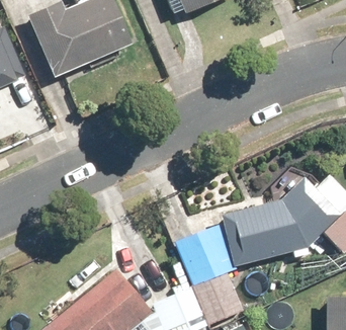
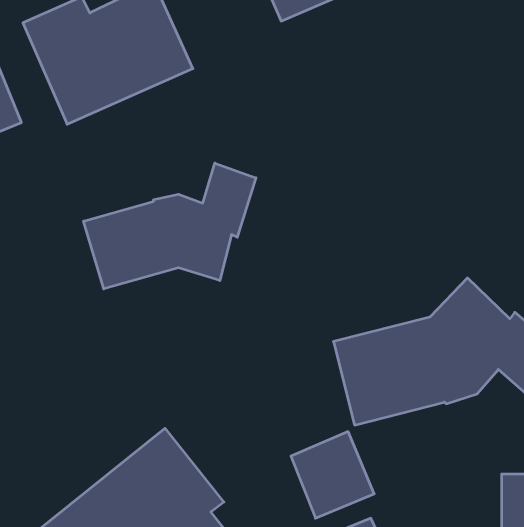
building: none -> [84,163,256,289]

